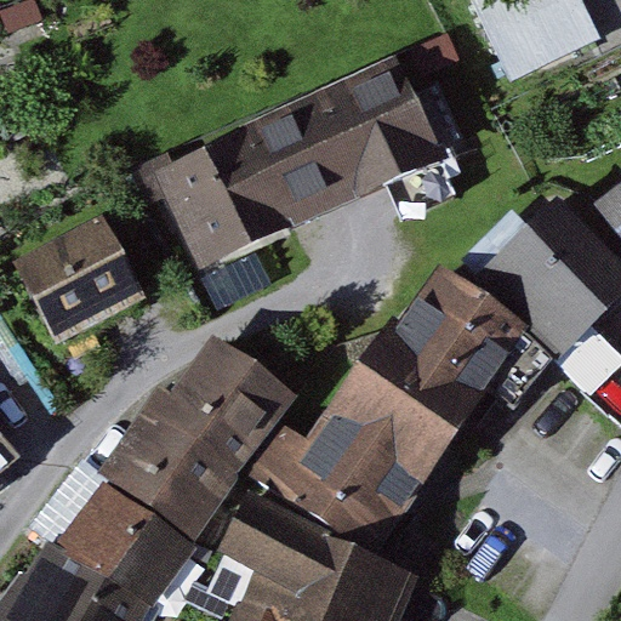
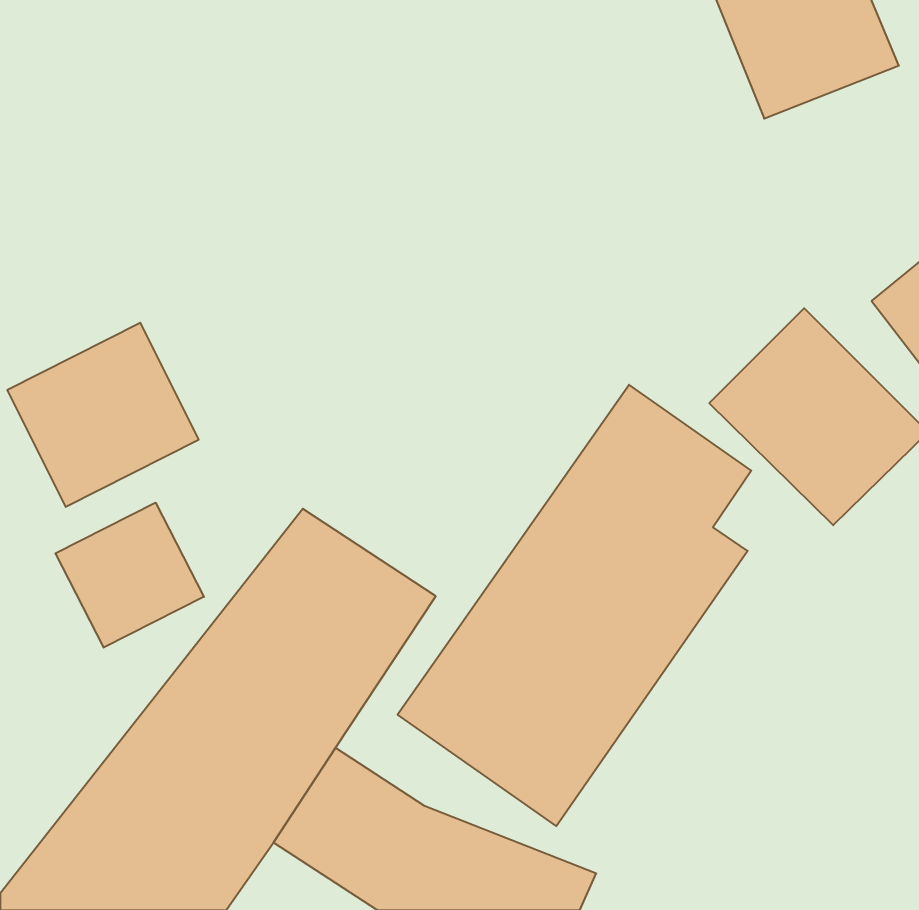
building: [167,59,443,264] -> none
building: none -> [55,503,204,648]

